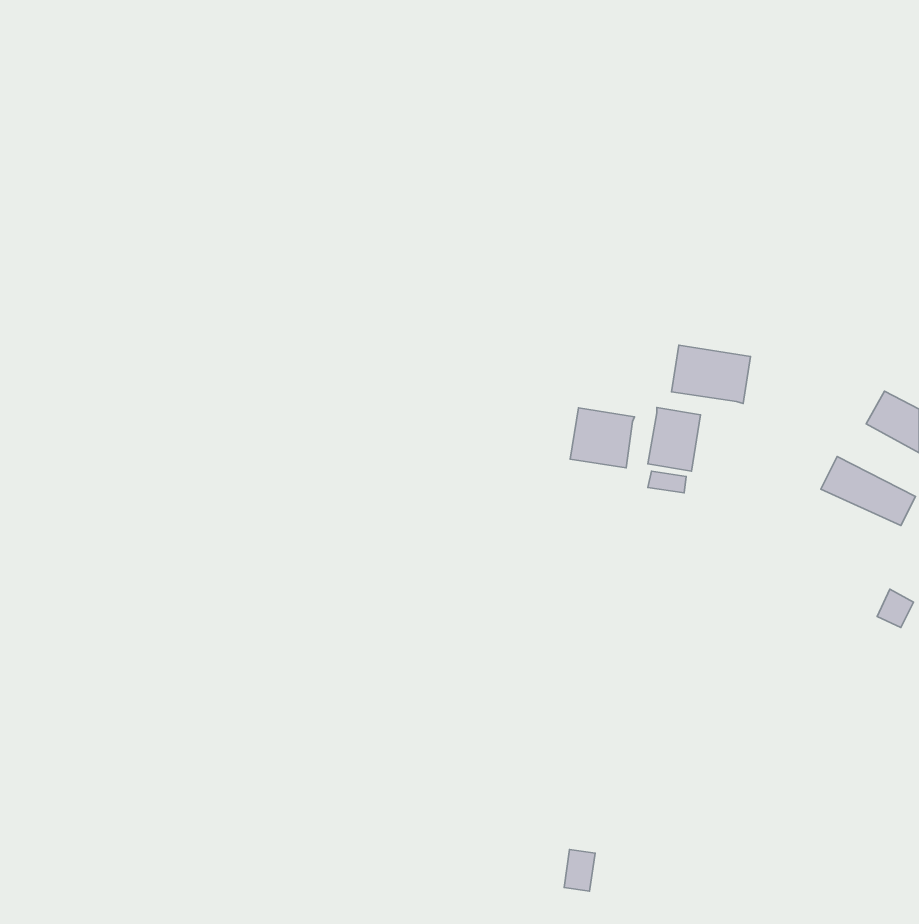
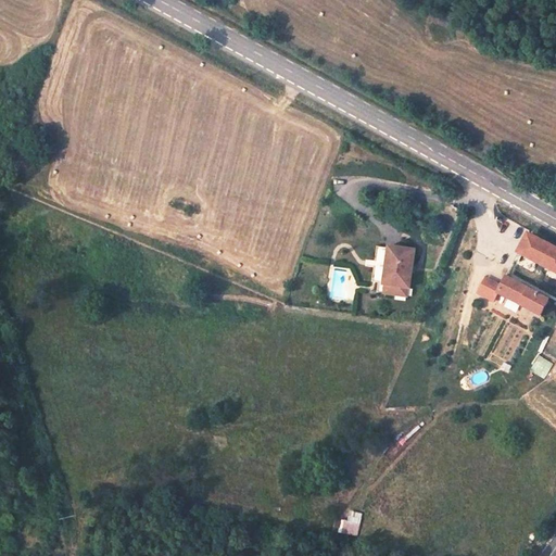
building: [672,345,750,403] -> none
building: [570,408,634,468] -> none

